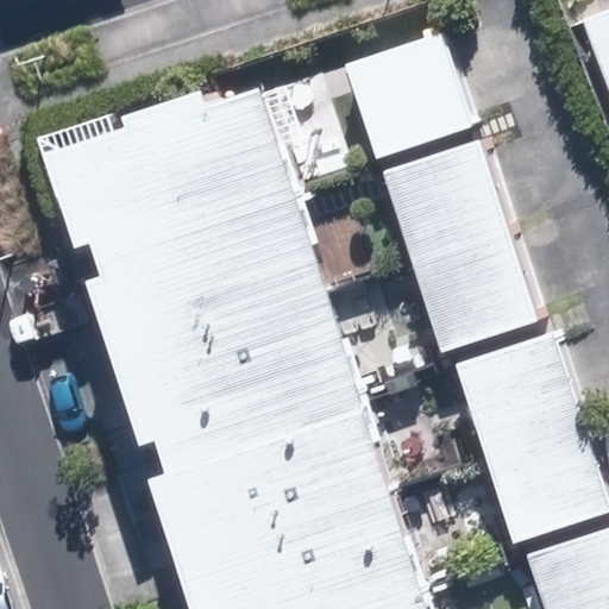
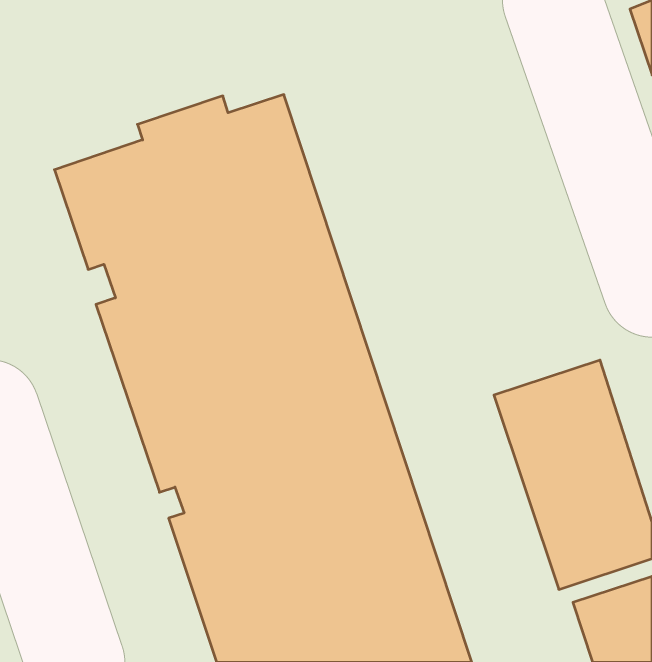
building: [341,32,470,161] -> none
building: [379,139,536,353] -> none

